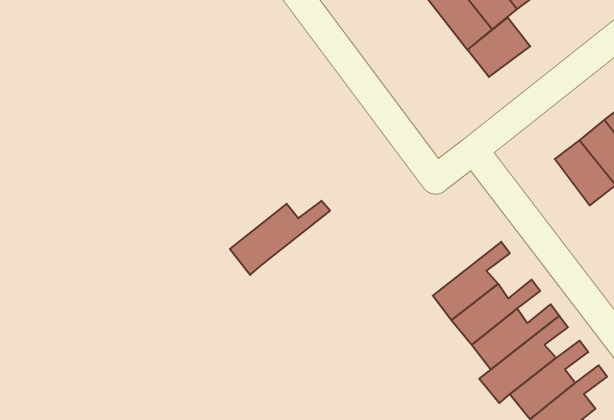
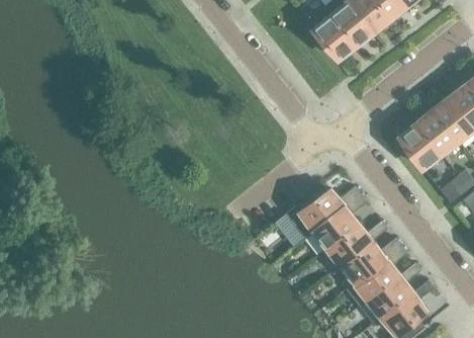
building: [468,17,530,77] -> none
building: [230,201,330,275] -> [291,187,361,239]

